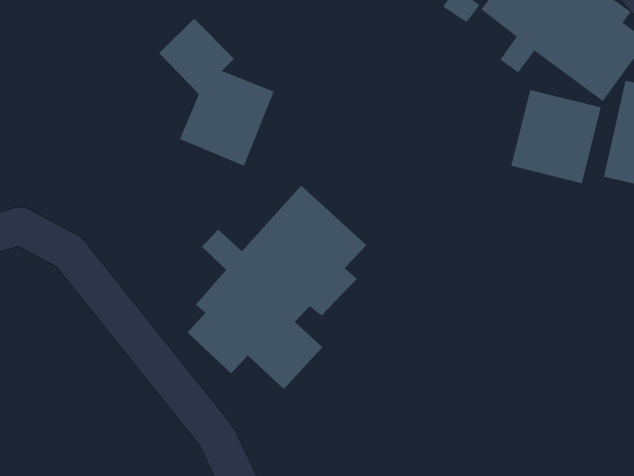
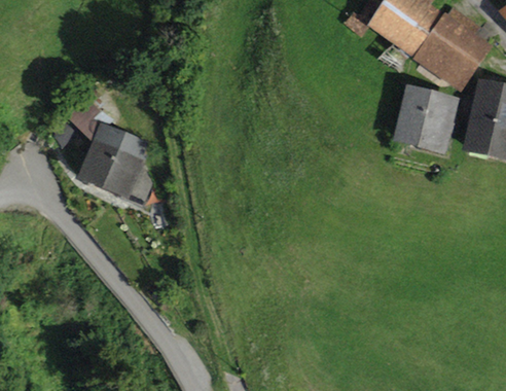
building: [159,18,274,166] -> [64,84,151,197]
building: [187,185,367,390] -> none

